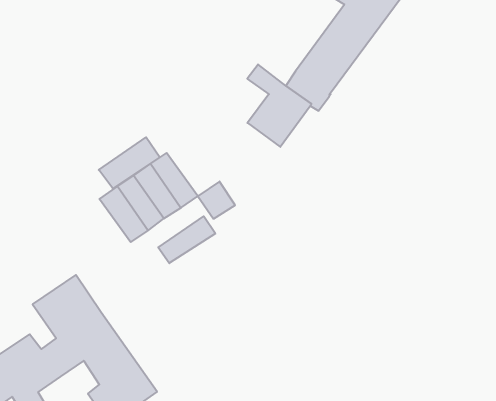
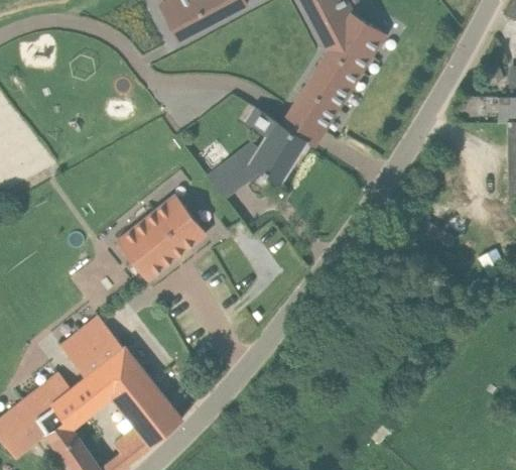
building: [99,137,160,189] -> none
building: [198,181,235,219] -> [209,162,244,198]
building: [158,216,215,263] -> none

